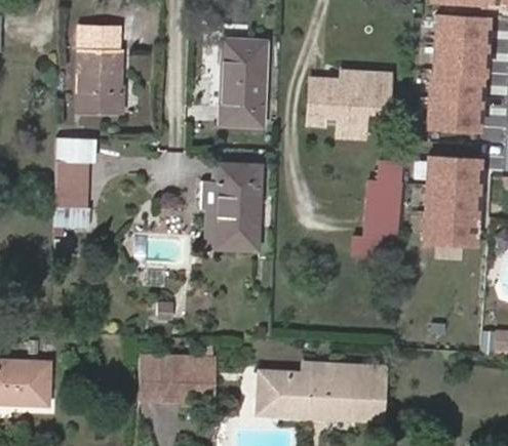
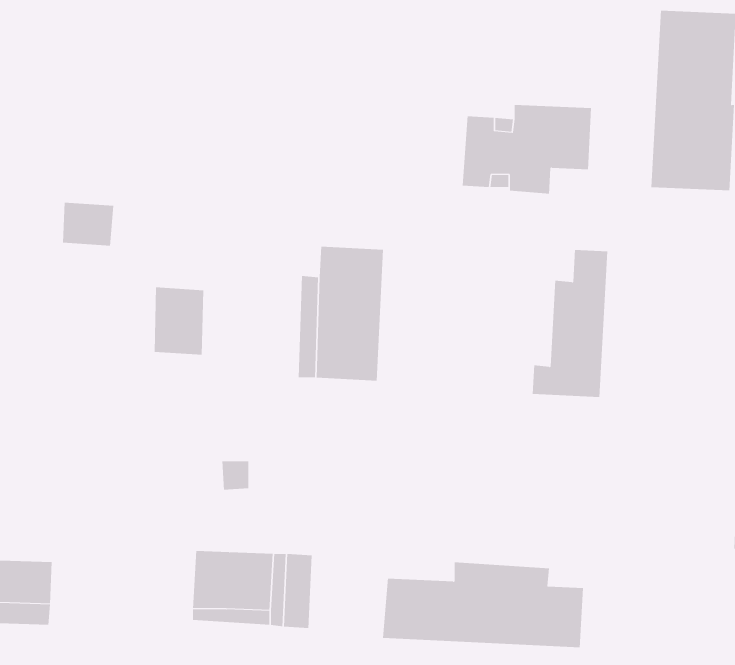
building: [79,27,126,111] -> none
building: [222,38,266,124] -> none
building: [422,156,478,243] -> none
building: [56,161,88,204] -> [154,287,204,355]

